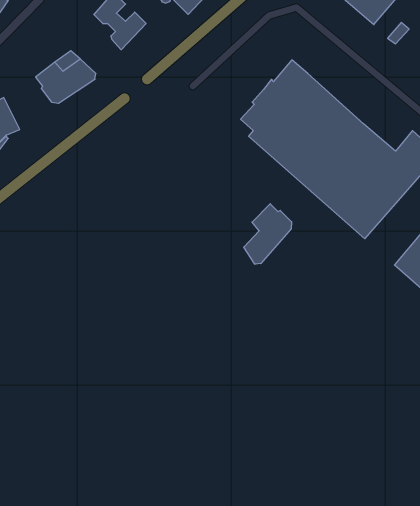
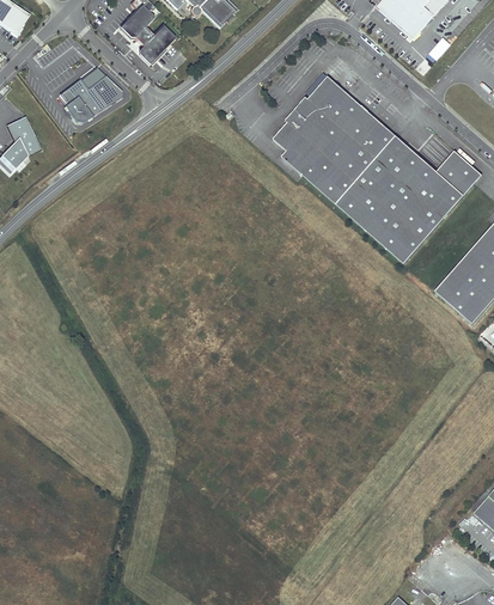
building: [244,204,292,264] -> none

